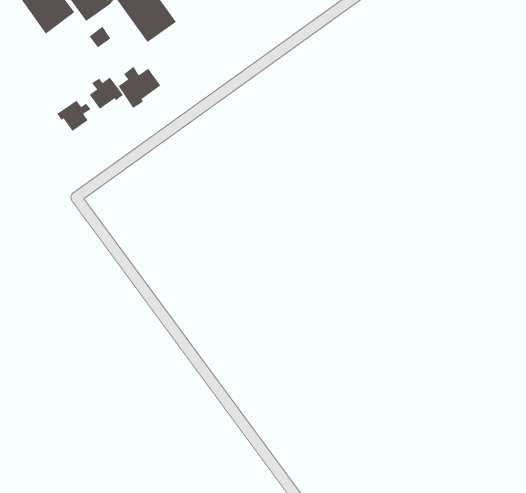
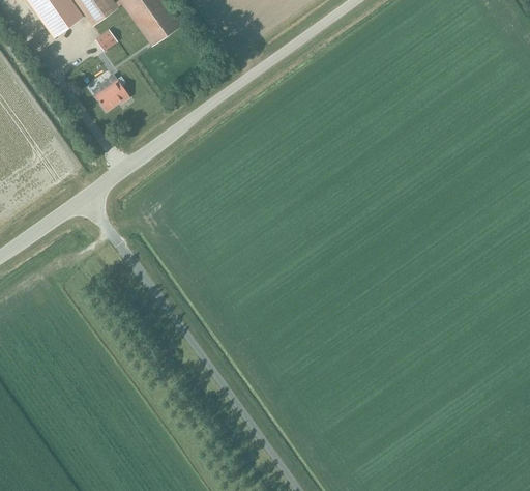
building: [118,66,161,109] -> none
building: [57,100,91,132] -> none

